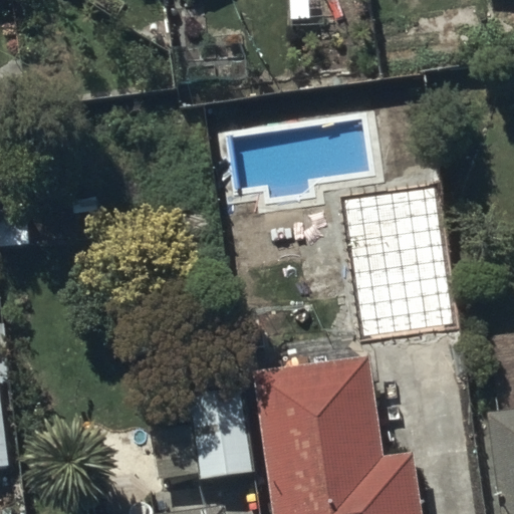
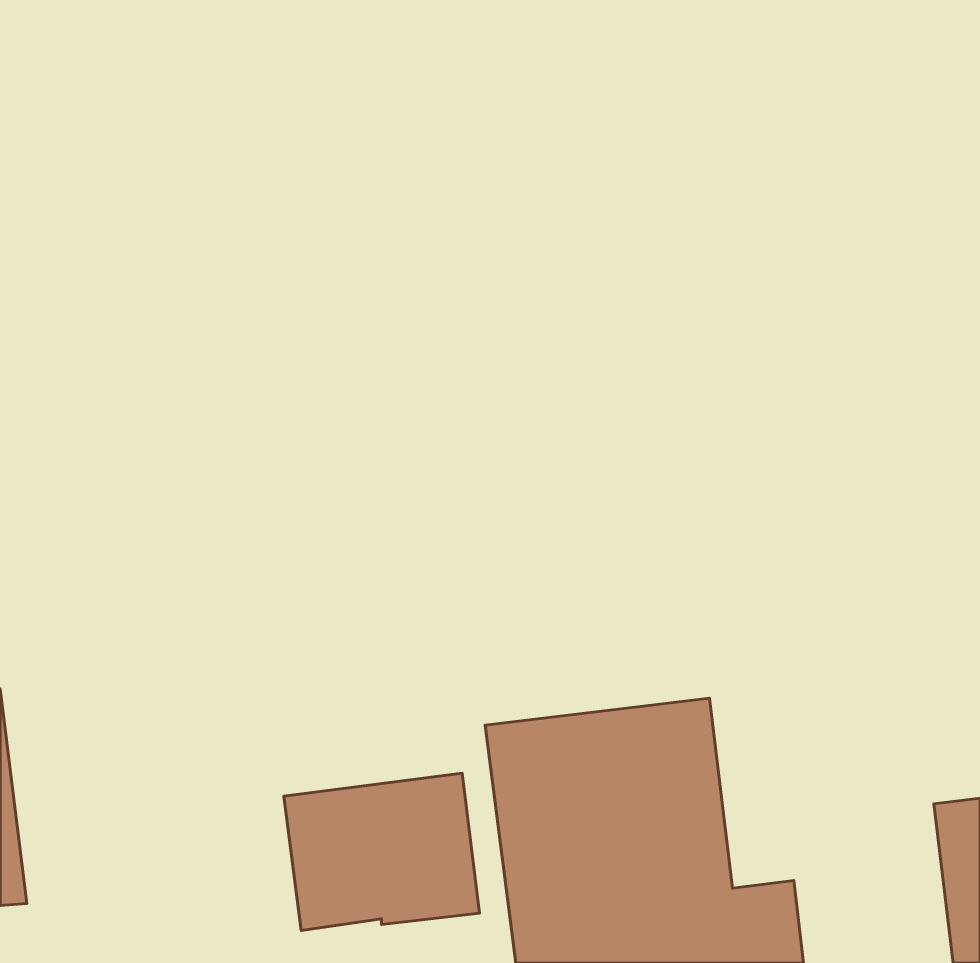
building: [336,192,456,328] -> none

